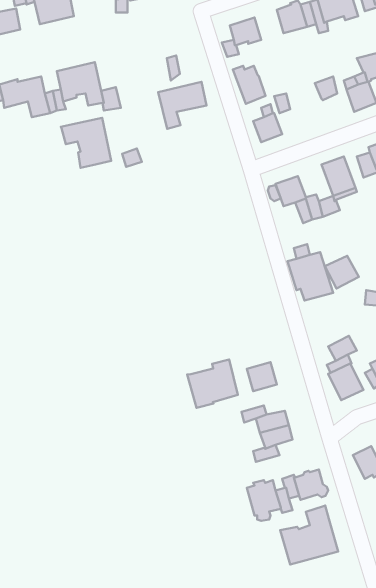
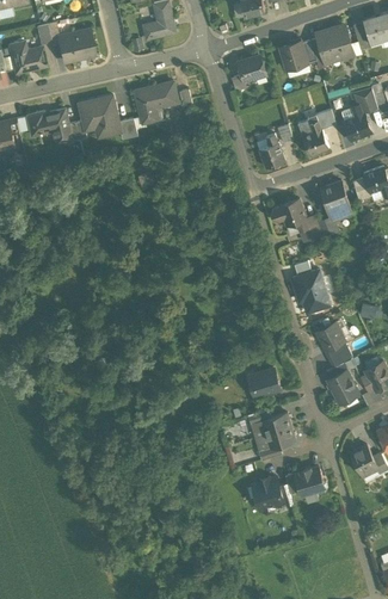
building: [233,66,266,104] -> [297,121,327,155]
building: [158,82,207,129] -> [134,81,178,124]
building: [61,118,111,168] -> none
building: [325,256,359,288] -> [314,322,345,352]
building: [187,360,238,408] -> none
building: [280,505,338,564] -> none

